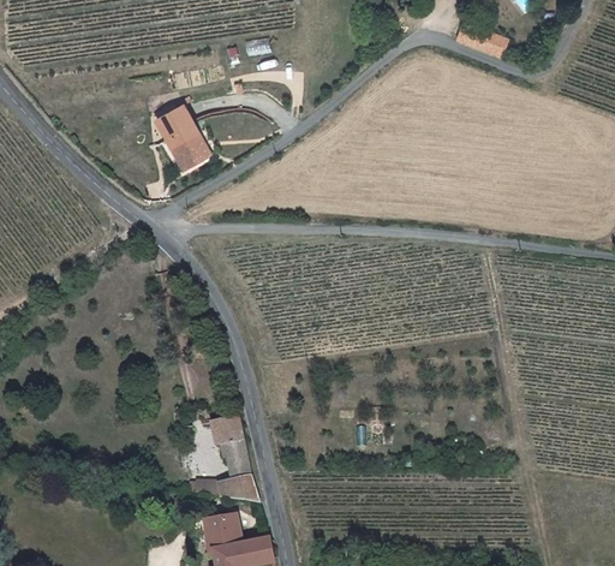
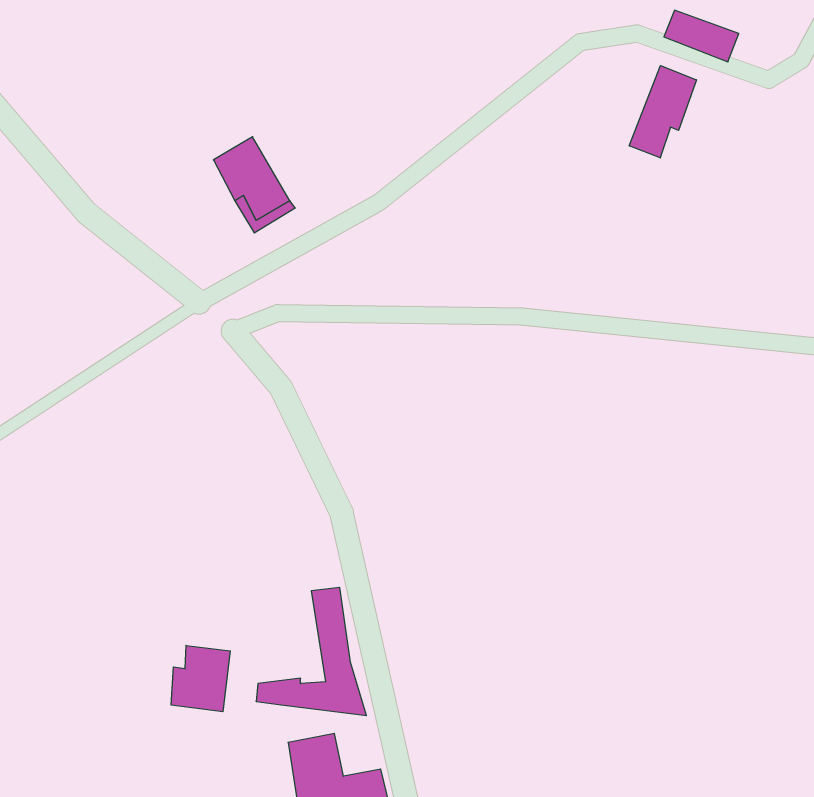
building: none -> [629,66,696,158]
building: none -> [171,645,230,712]

